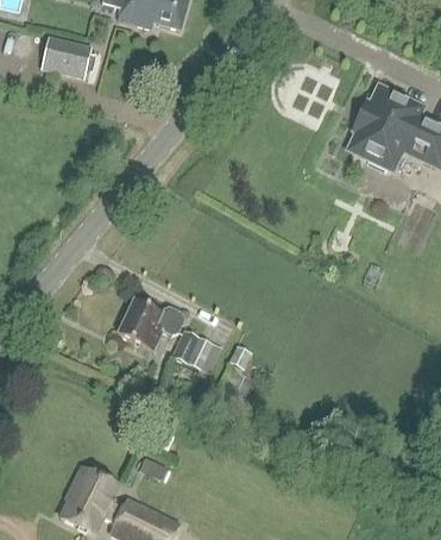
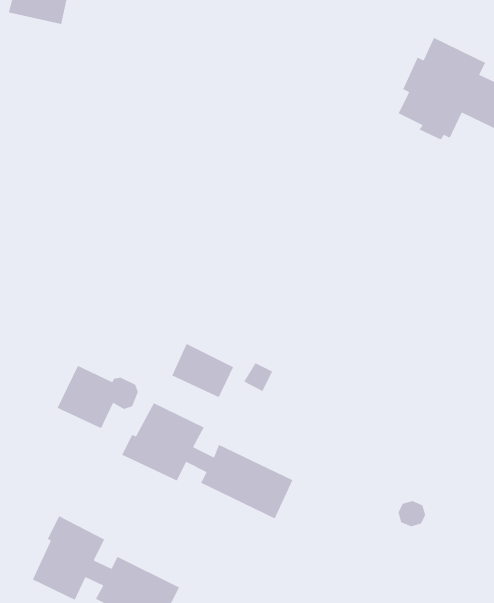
building: [116,297,182,349] -> [56,365,139,429]
building: none -> [121,402,294,519]

